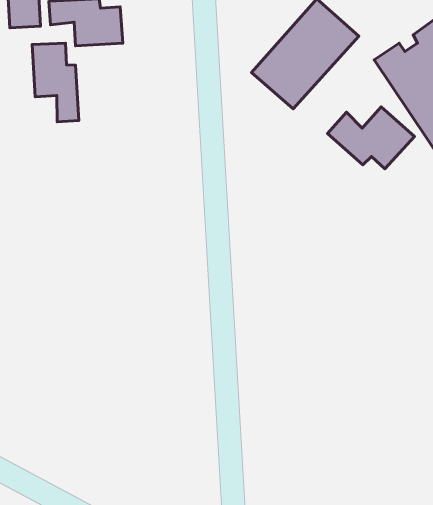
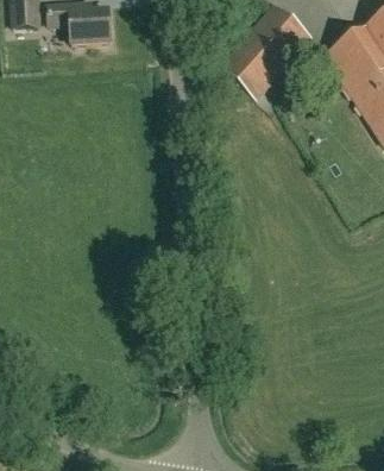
building: [32,43,79,122] -> none
building: [327,107,415,169] -> none

